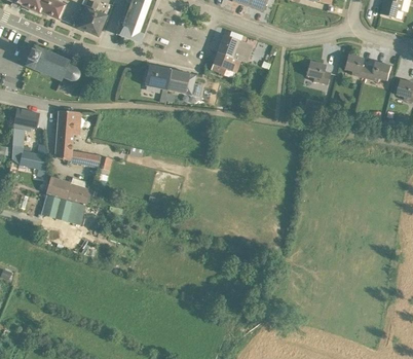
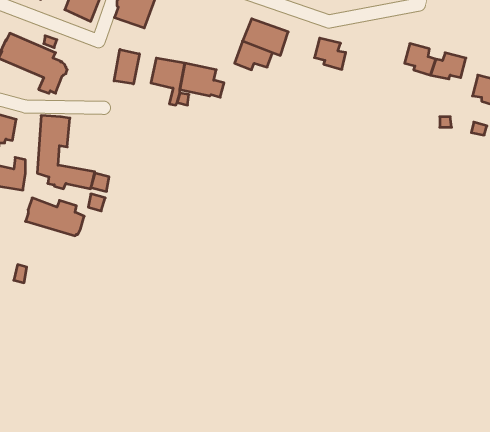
building: none -> [114,49,139,84]
building: [305,59,330,83] -> [314,38,346,69]
building: [40,192,84,223] -> none

